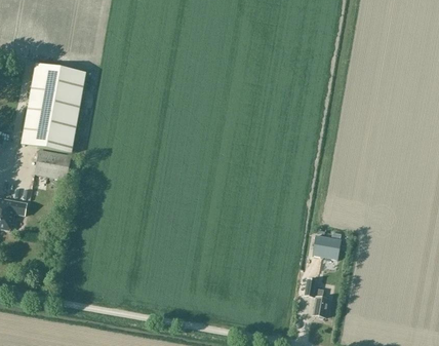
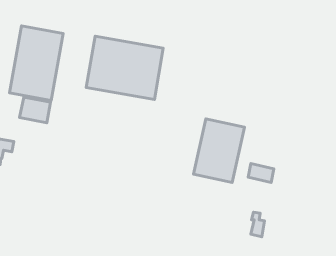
building: none -> [86,36,163,99]
building: none -> [193,119,245,182]

